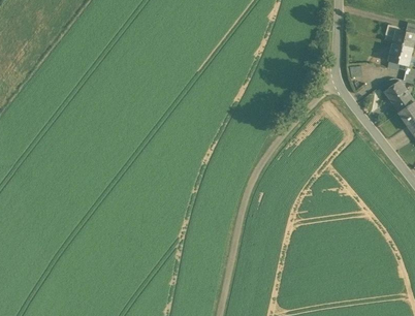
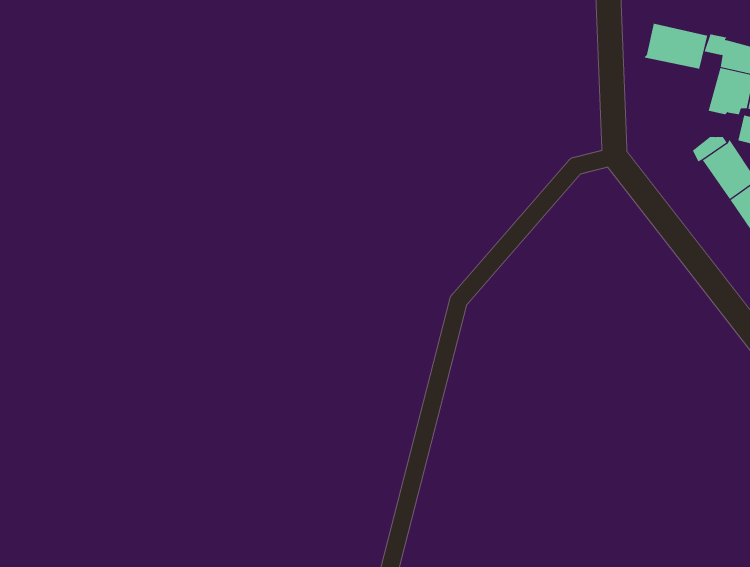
building: none -> [643,23,708,70]

